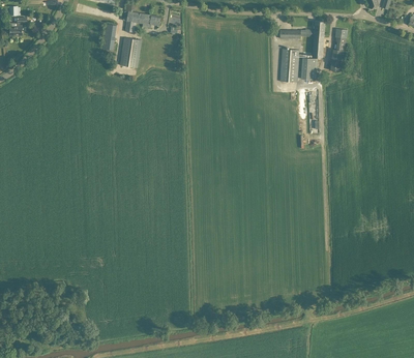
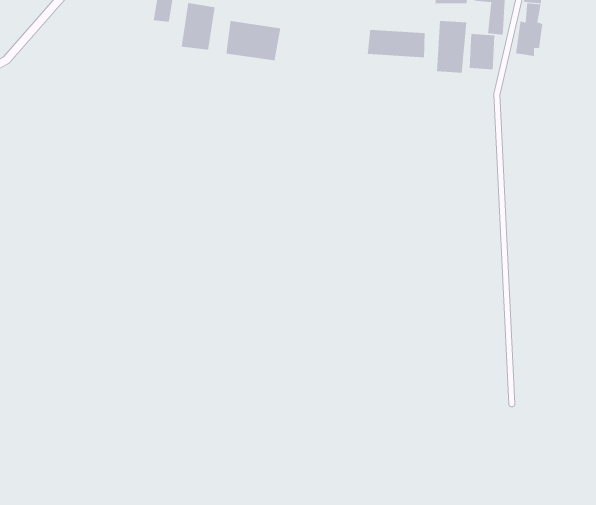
building: none -> [226,20,281,61]
building: none -> [367,29,425,58]

